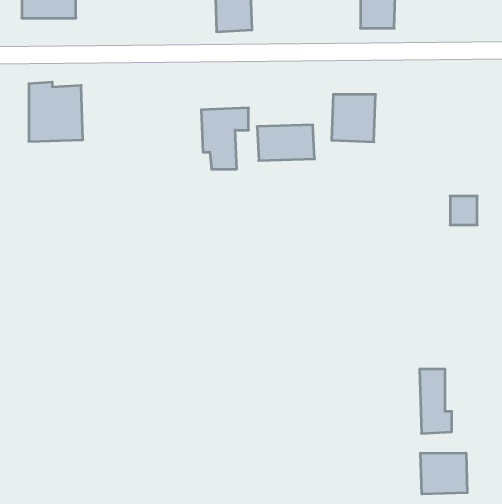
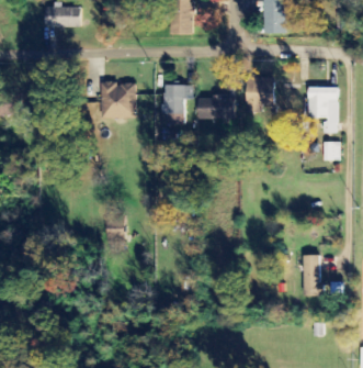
building: [29,82,83,141] -> [101,80,136,119]
building: none -> [307,87,337,133]
building: [421,453,467,494] -> none

